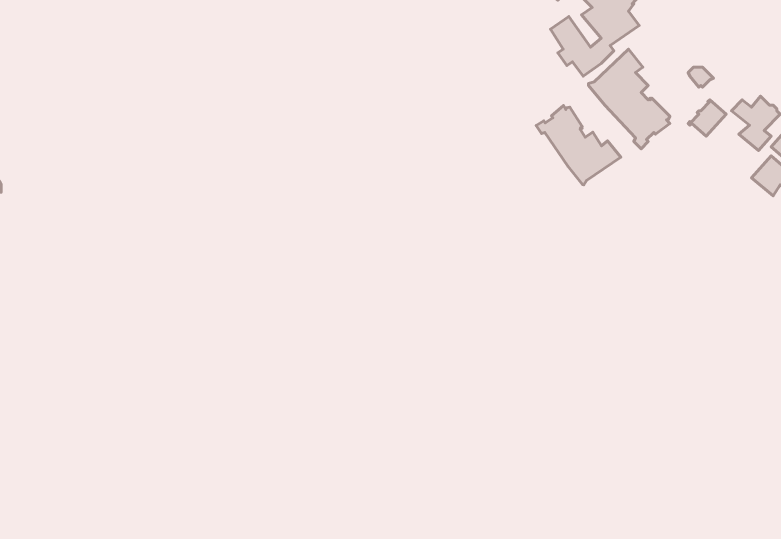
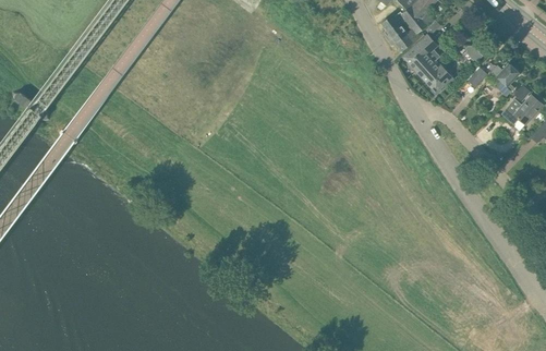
building: [536,106,621,185] -> none

